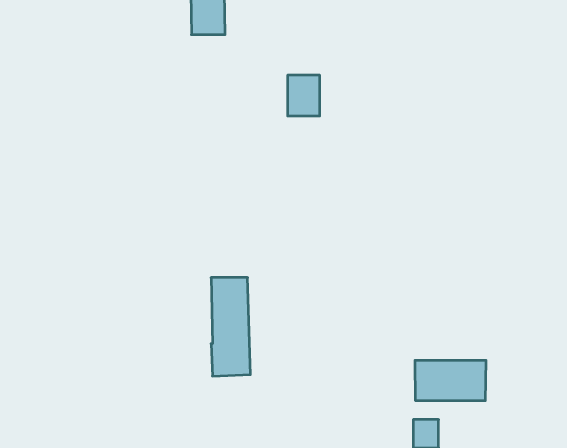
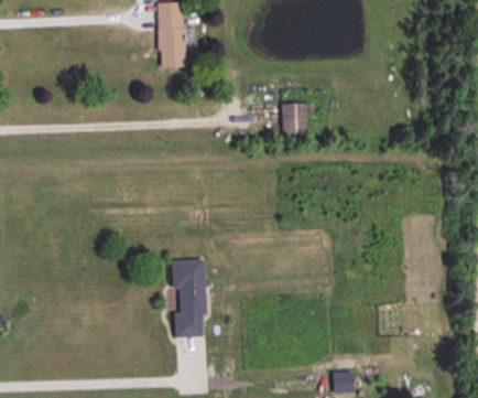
building: [288,75,320,116] -> [282,104,307,136]
building: [415,360,486,401] -> none

